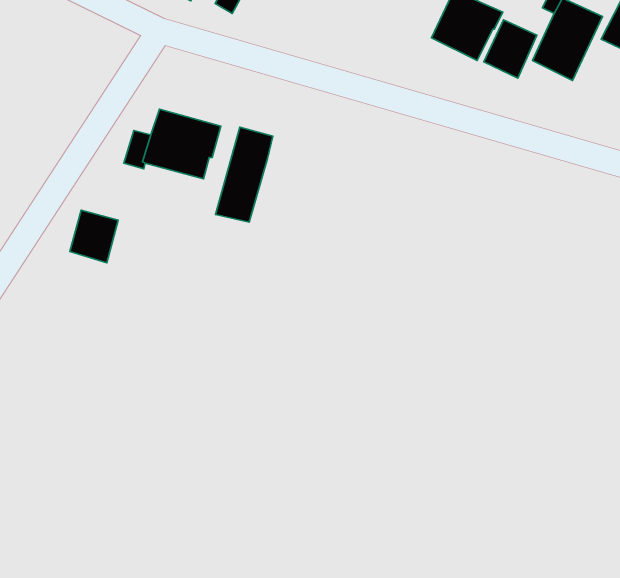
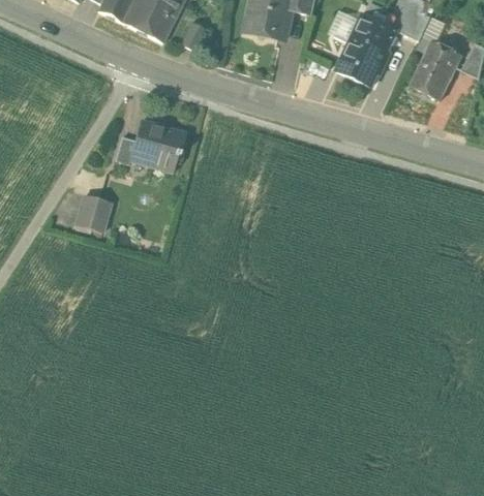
building: [484,20,537,78] -> none
building: [215,127,273,222] -> none

